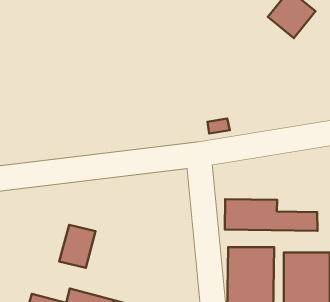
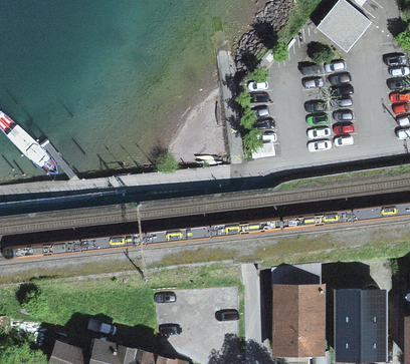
building: [225,199,317,231] -> none
building: [59,225,96,268] -> none

